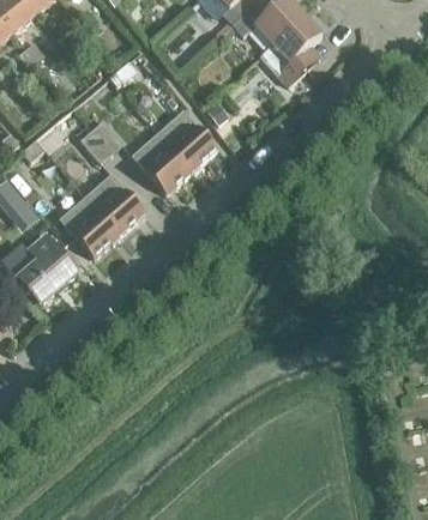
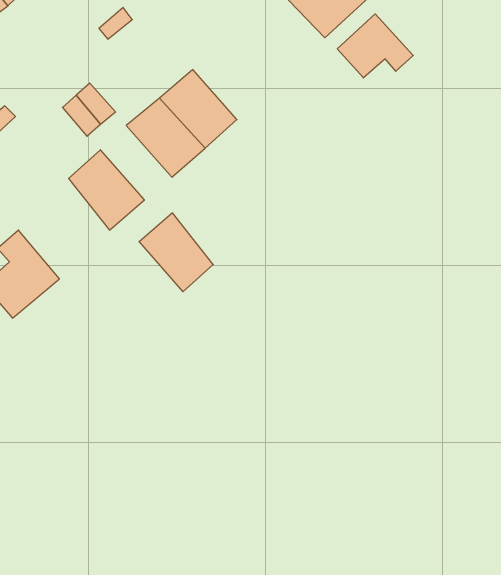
building: none -> [337,14,413,78]
building: [58,194,116,256] -> [139,213,213,292]

